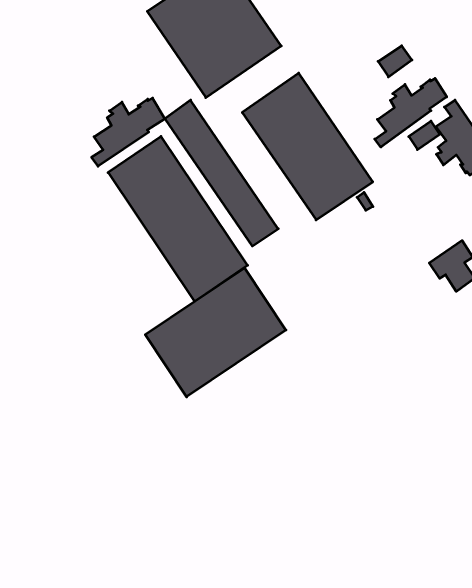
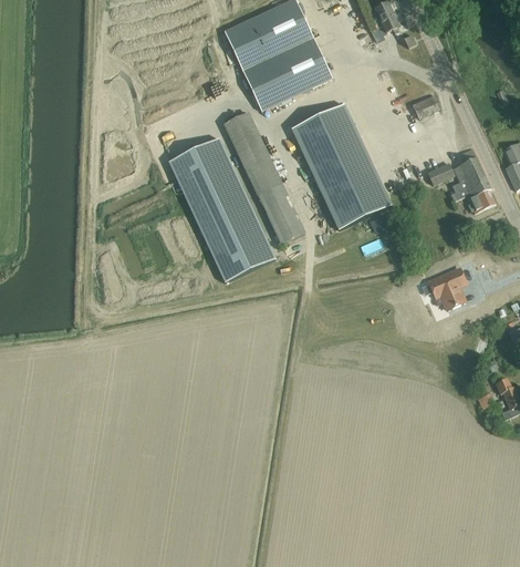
building: [375,78,447,147] -> none
building: [92,98,165,166] -> none
building: [145,268,286,397] -> none

